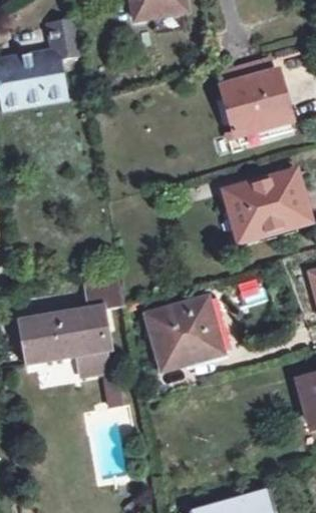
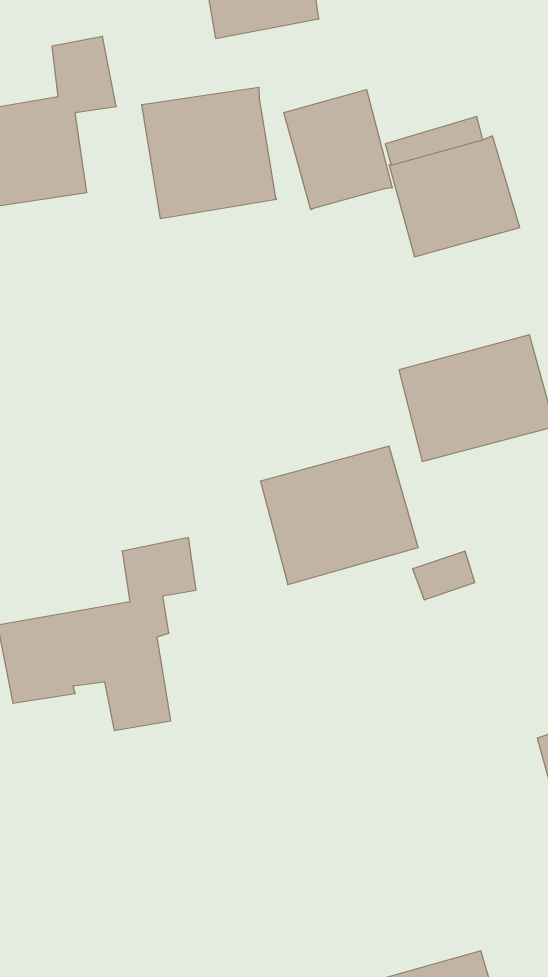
building: none -> [142,87,276,219]
building: none -> [284,90,392,210]
building: [147,298,229,369] -> [260,446,418,585]

